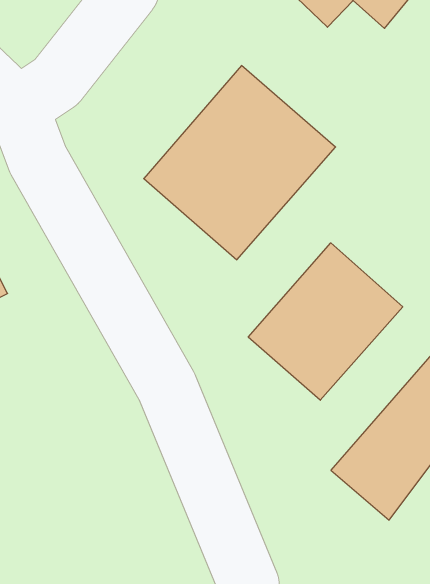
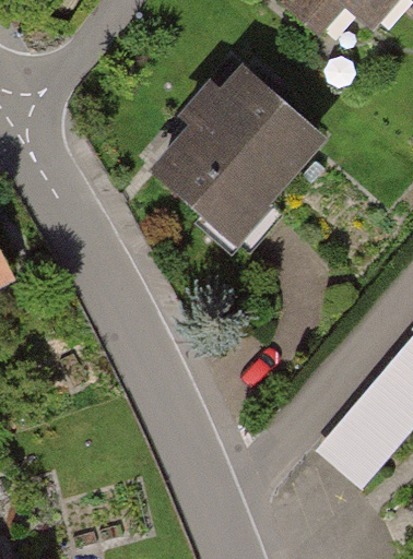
building: [248,243,403,400] -> none

